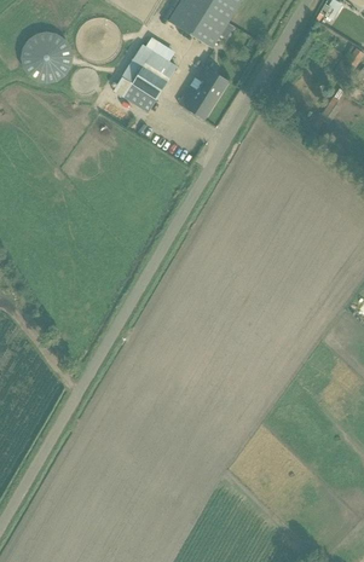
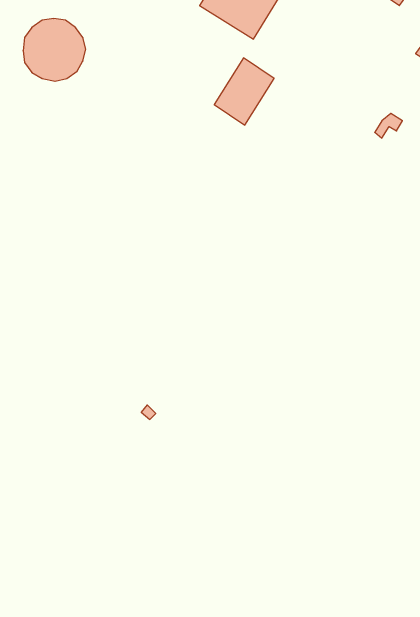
building: [114,45,178,112] -> none

